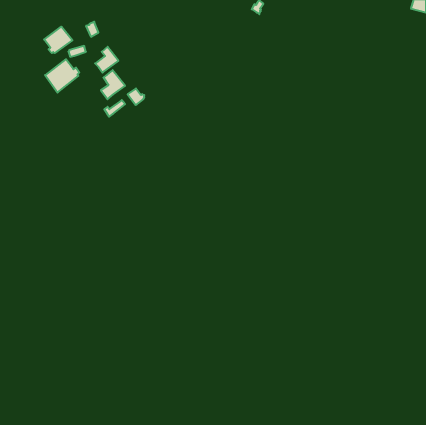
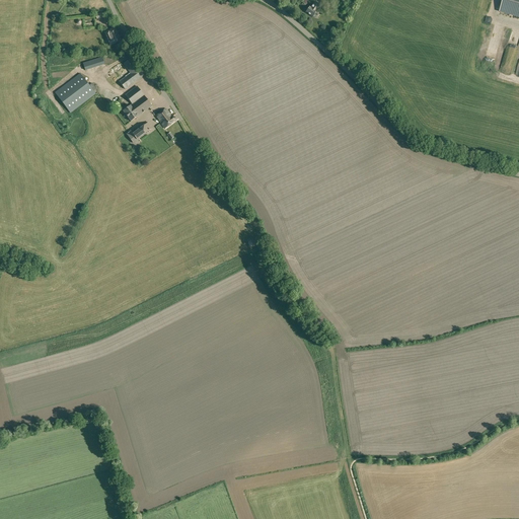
building: [44,27,72,53] -> none

